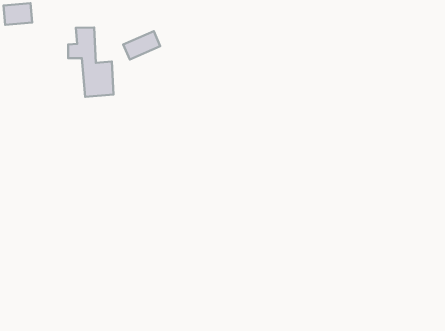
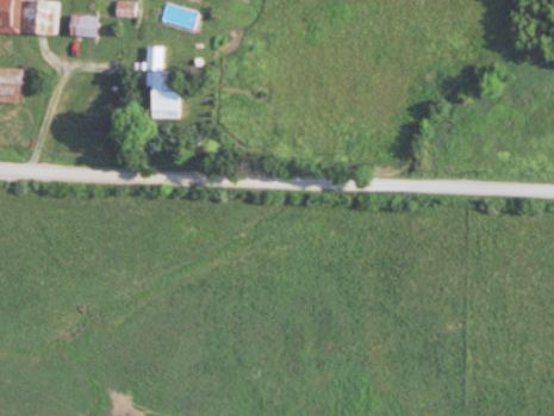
building: [123,31,160,59] -> none

